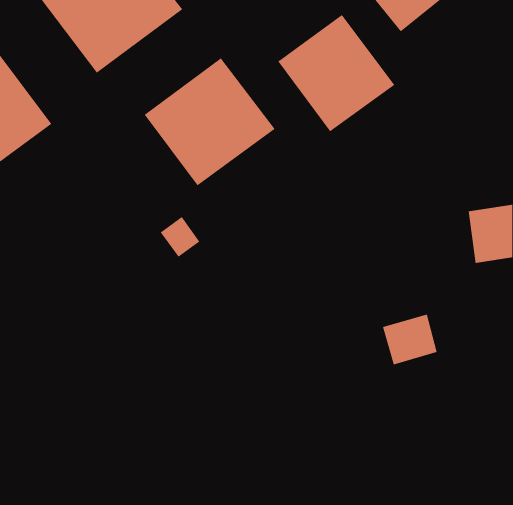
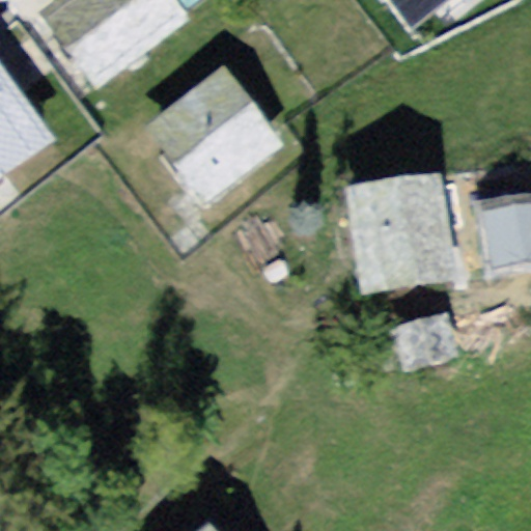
building: [278,14,395,132] -> none
building: none -> [348,185,449,295]

